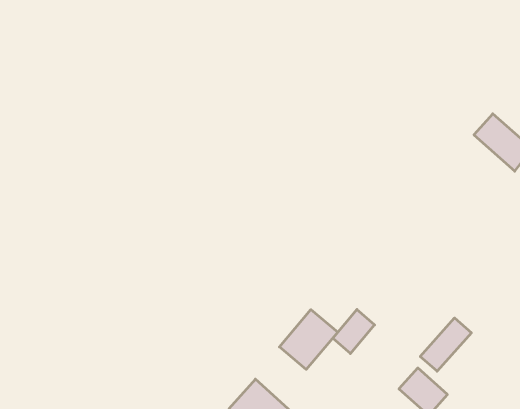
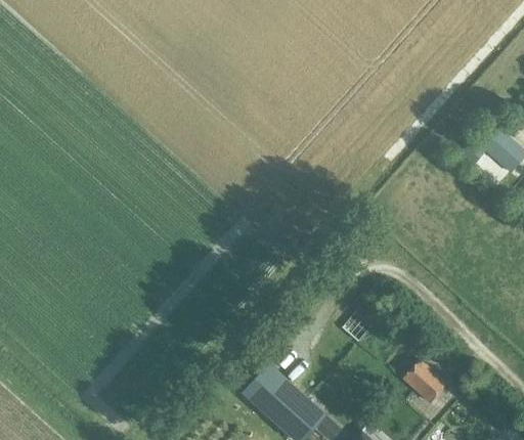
building: [279,310,338,369] -> none
building: [420,318,471,371] -> none

